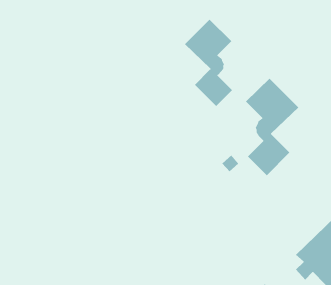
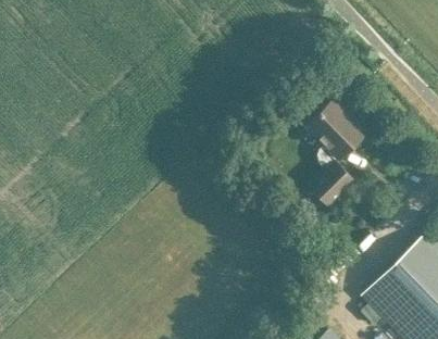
building: [184,19,233,107] -> none

